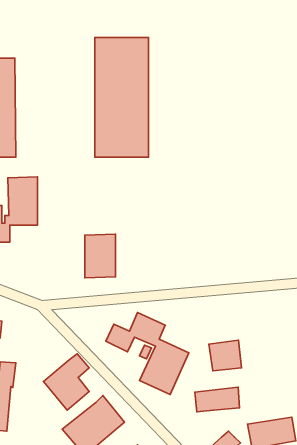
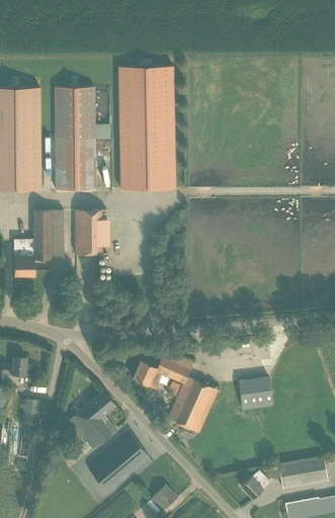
building: none -> [54,87,95,190]
building: [85,234,115,278] -> [75,210,106,255]
building: [195,387,240,412] -> none

